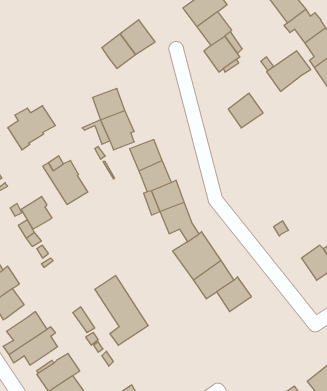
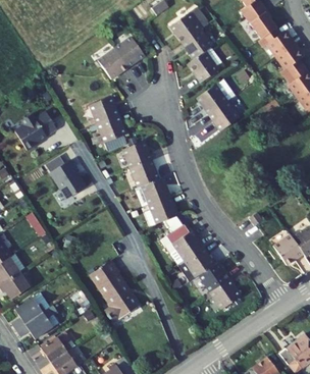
building: [267,51,311,91] -> [197,79,236,115]
building: [21,196,52,229] -> none
building: none -> [210,279,241,309]

